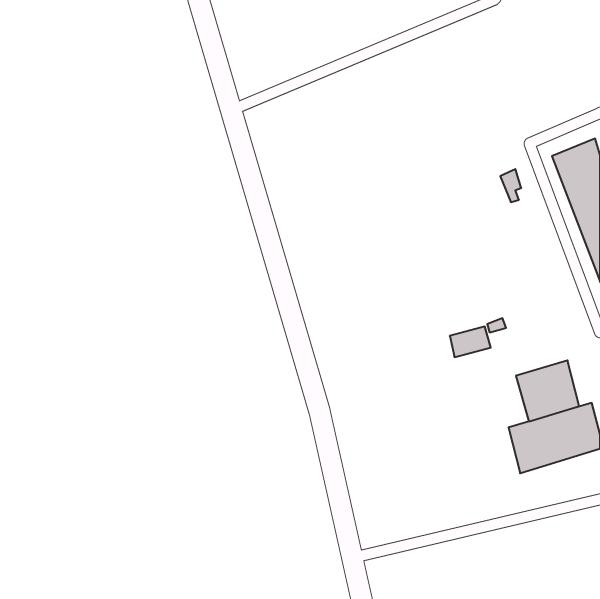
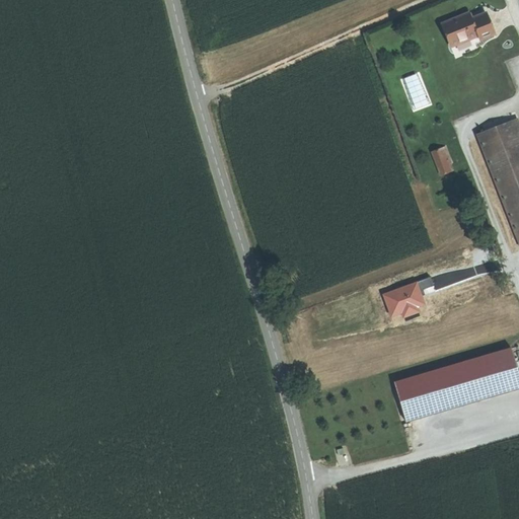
building: none -> [442,14,493,47]
building: [516,360,579,421] -> [394,369,449,422]

